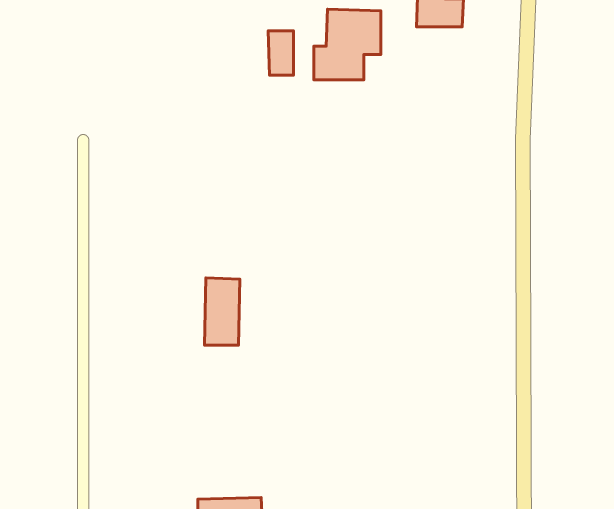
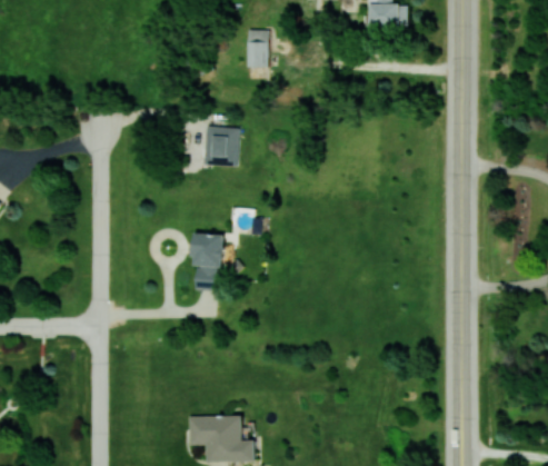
building: [314,9,381,80] -> none
building: none -> [205,126,239,166]

